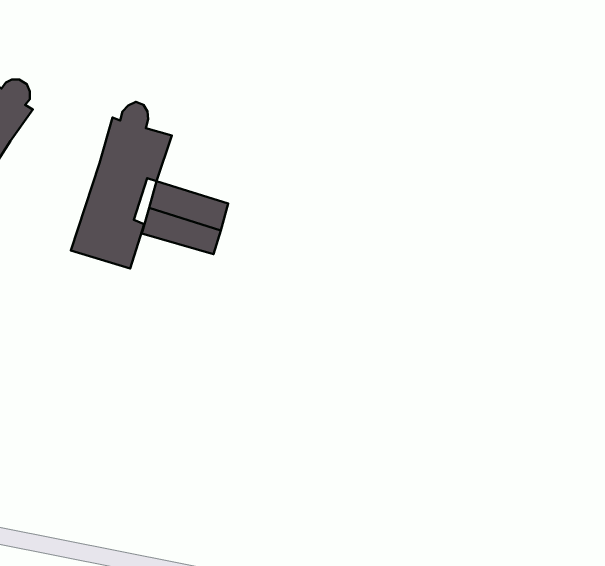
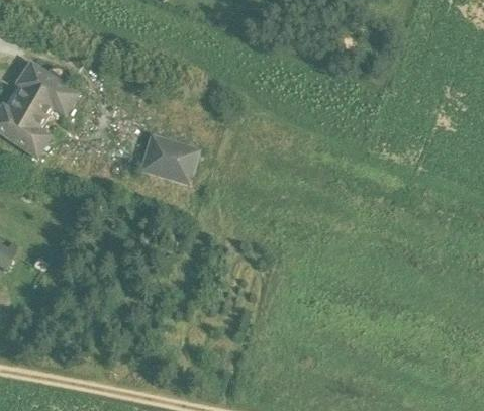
building: [71,102,172,268] -> none

